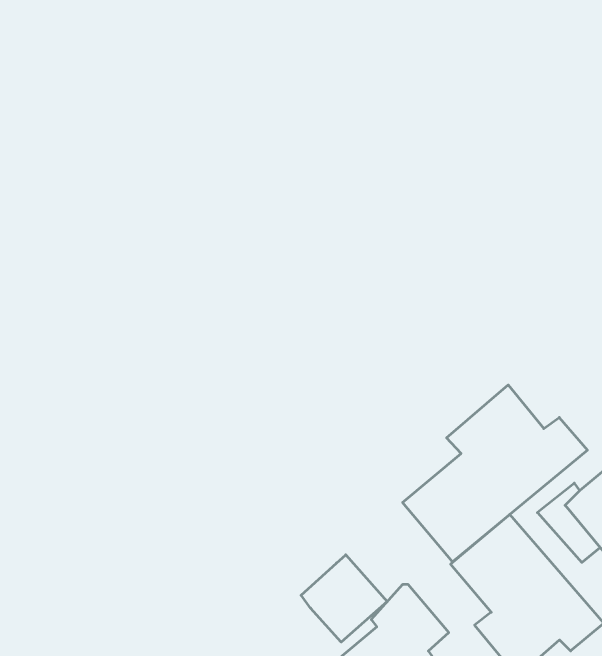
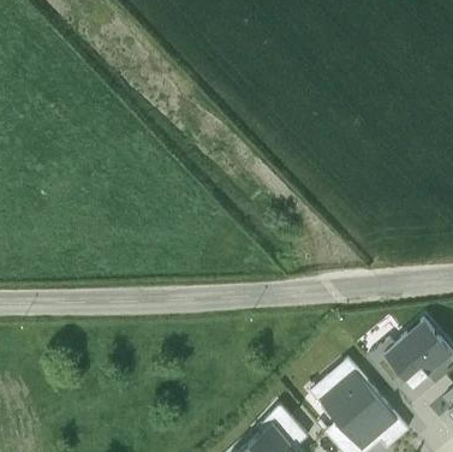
building: [403,385,587,562] -> none
building: [301,555,387,642] -> none

